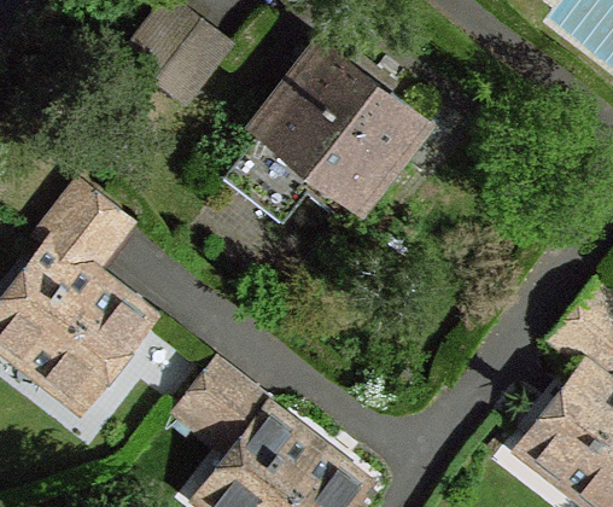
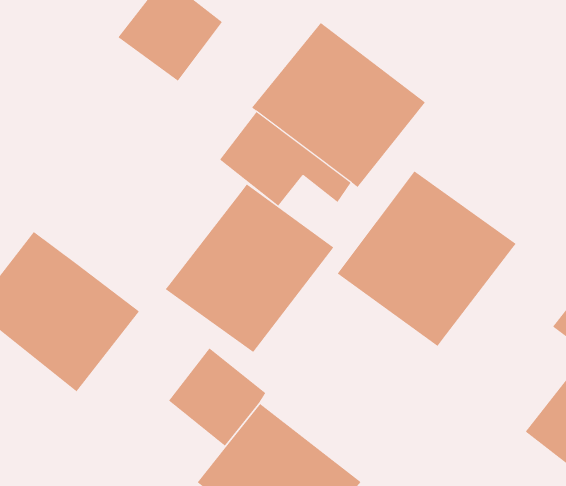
building: [37,182,132,279] -> none
building: none -> [337,170,517,347]
building: none -> [165,183,334,353]

